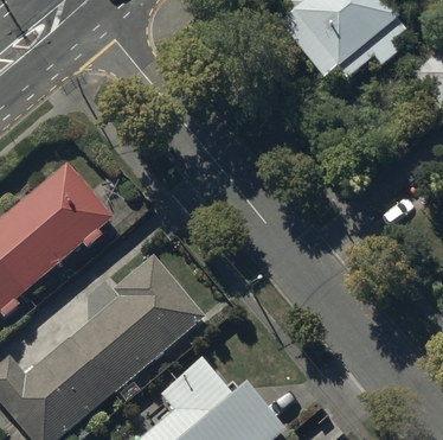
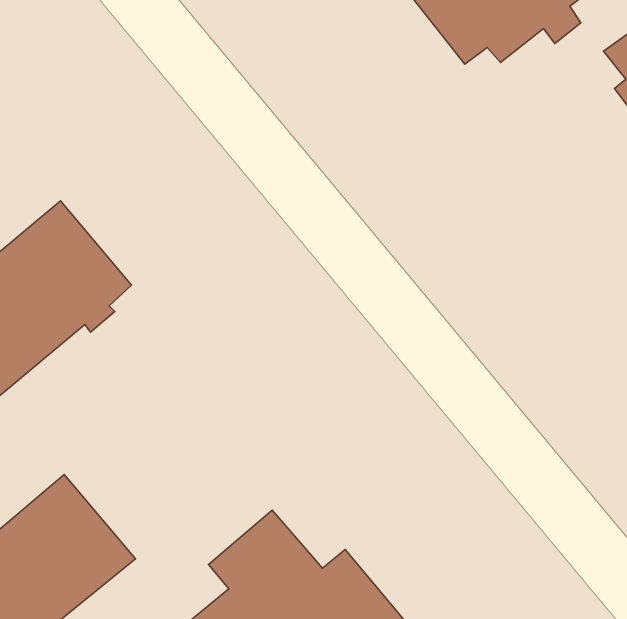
building: [71,254,205,389] -> none

